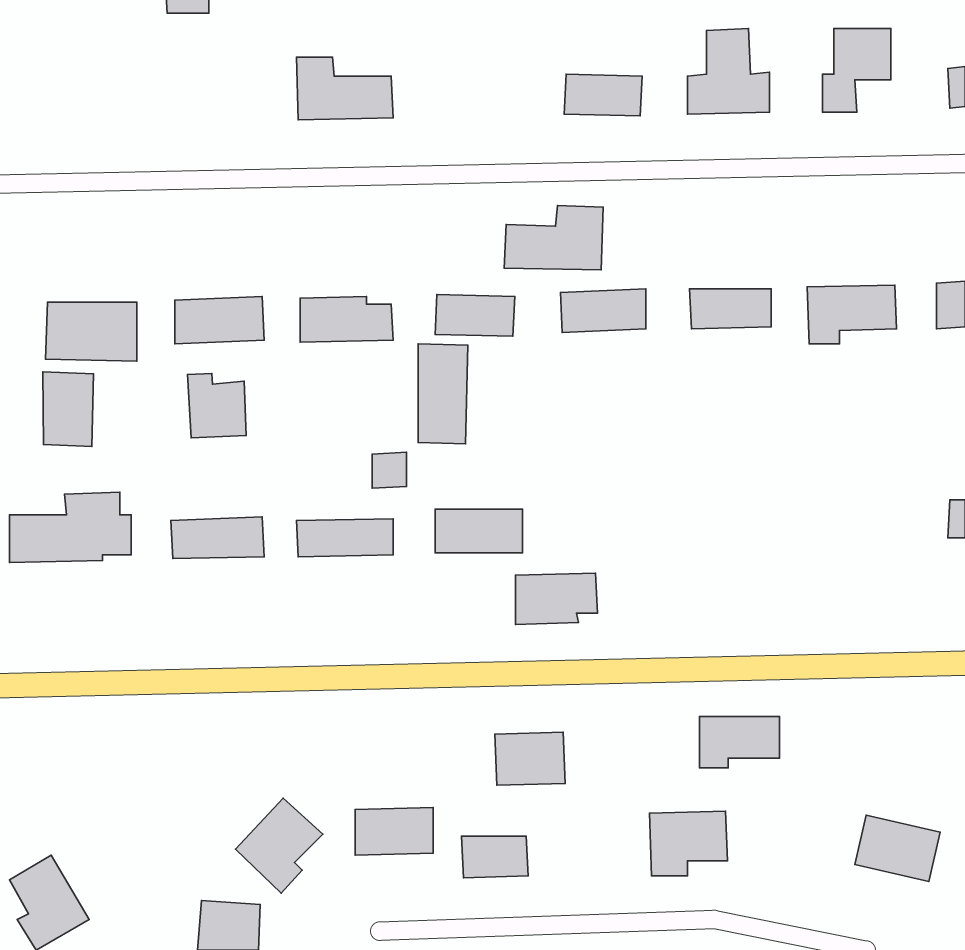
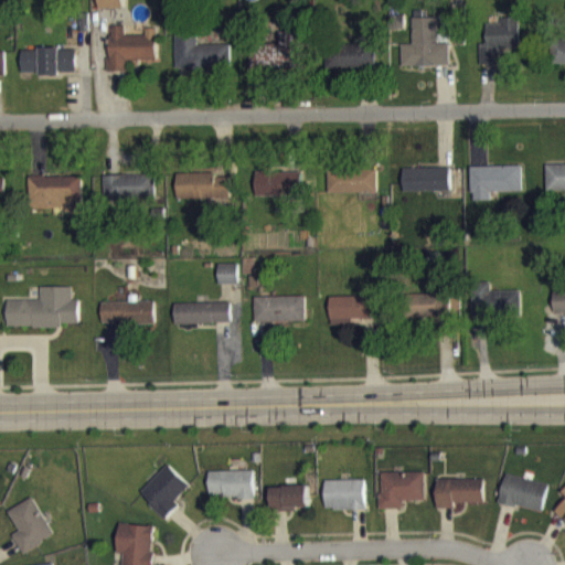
building: none -> [107,25,154,71]
building: none -> [19,49,74,73]
building: [504,205,603,270] -> [246,31,303,68]
building: [418,344,468,444] -> none
building: [43,372,93,446] -> none
building: [187,373,246,438] -> none
building: none -> [471,282,519,316]
building: none -> [408,292,449,316]
building: [516,573,597,625] -> [328,295,375,324]
building: [700,717,779,768] -> [435,478,481,508]
building: [495,732,565,785] -> [322,479,363,510]

